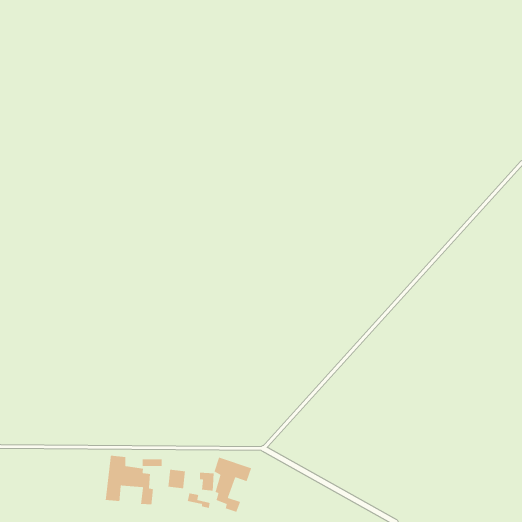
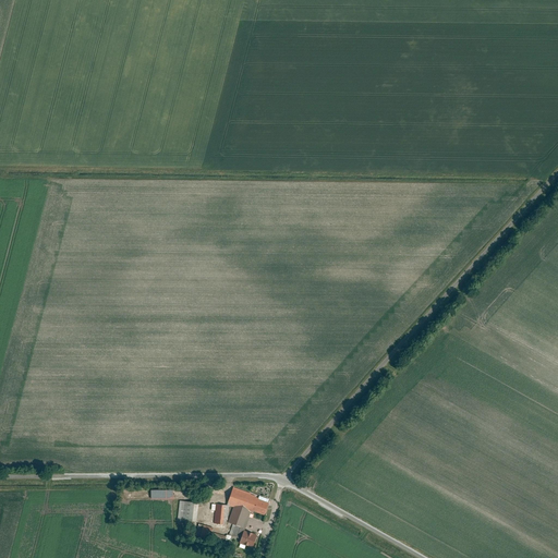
building: [105,455,154,505] -> none

